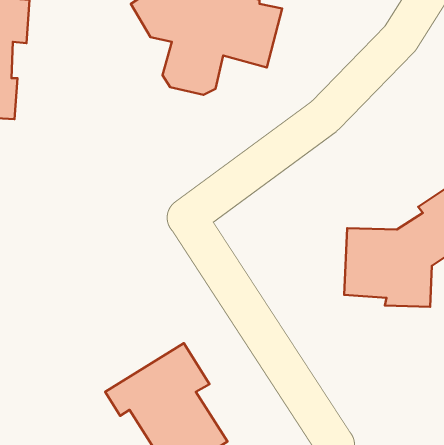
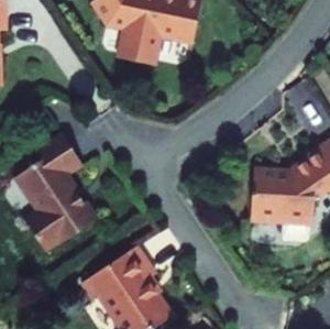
building: none -> [13,135,95,252]

